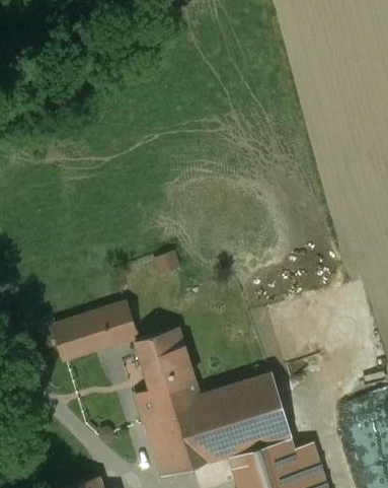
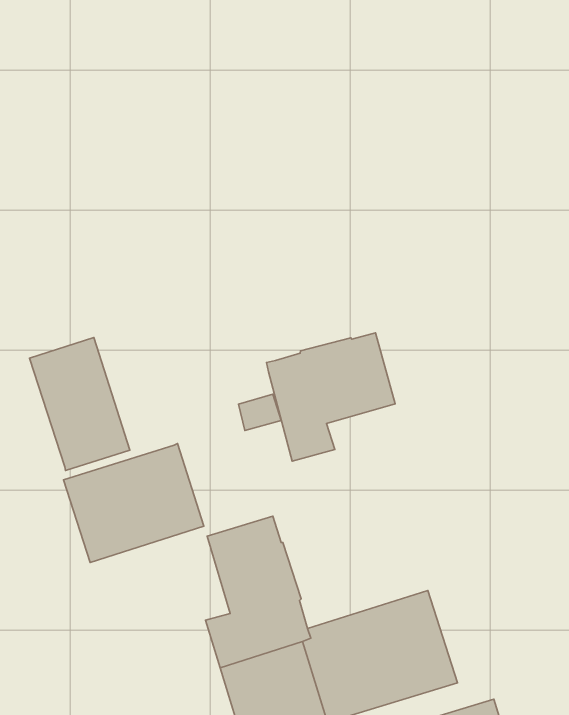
building: none -> [266,333,395,461]
building: none -> [30,338,130,471]

